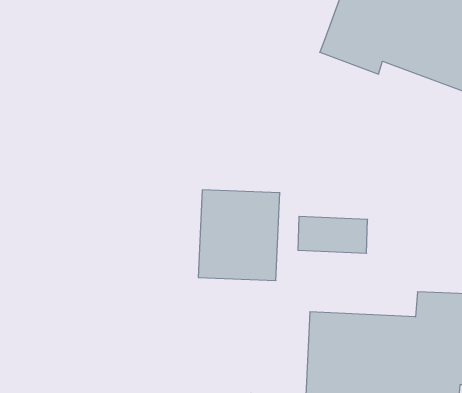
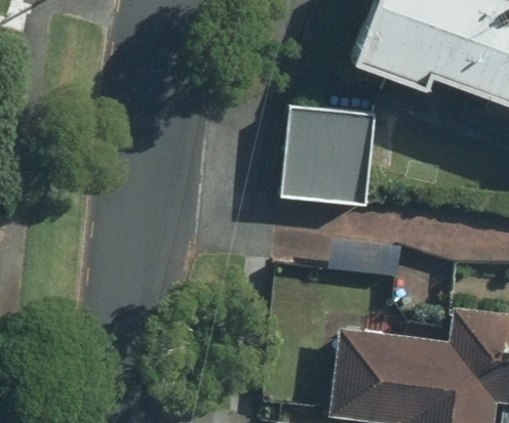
building: [198,190,280,280] -> [287,108,371,201]

